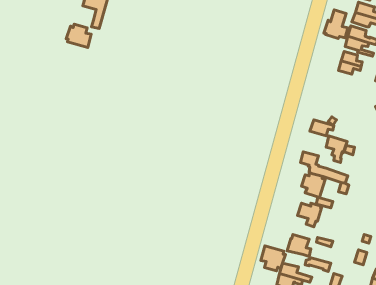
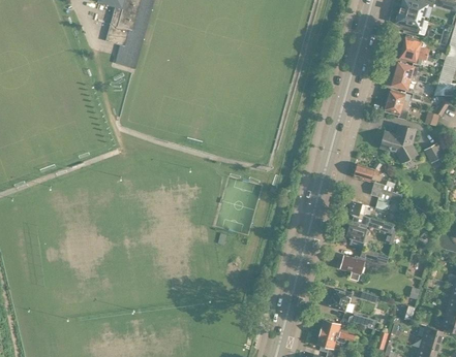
building: [324,10,348,39] -> none
building: [66,24,91,48] -> none
building: none -> [381,126,418,163]
building: [261,246,285,271] -> none

